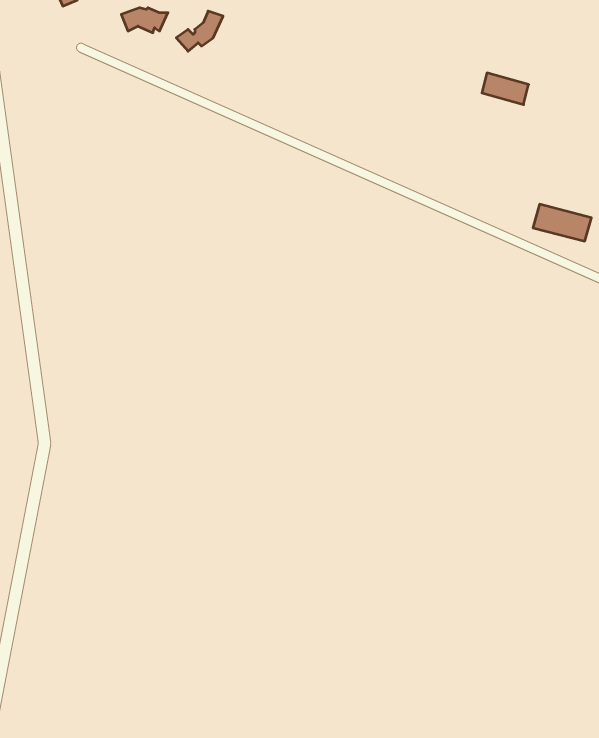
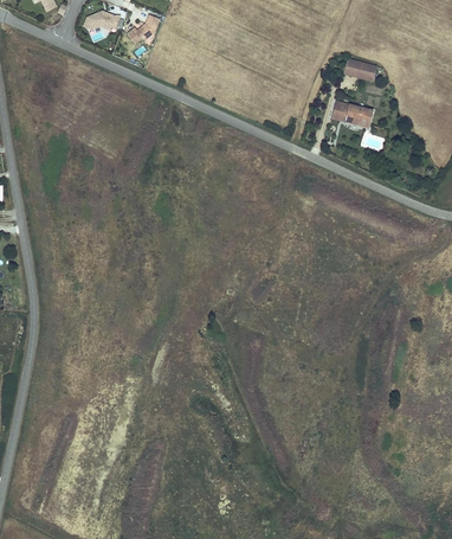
building: [533,204,591,241] -> [331,101,373,127]

